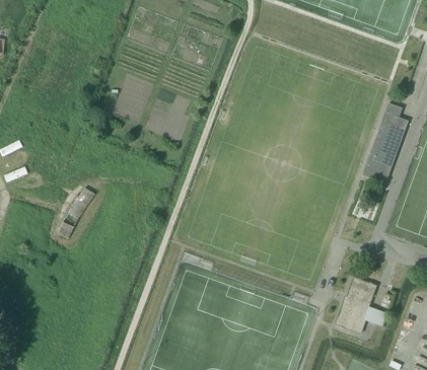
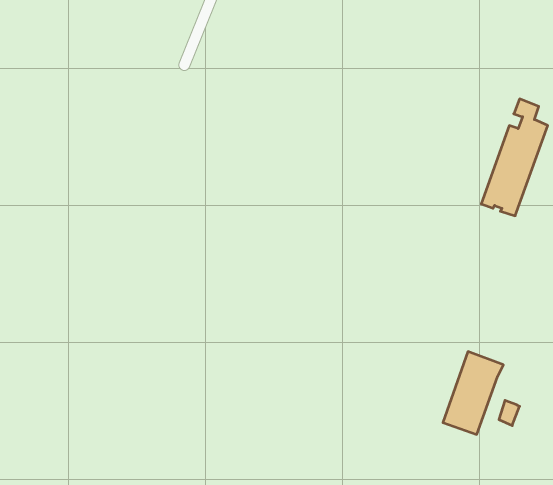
building: [57,187,94,237] -> none

